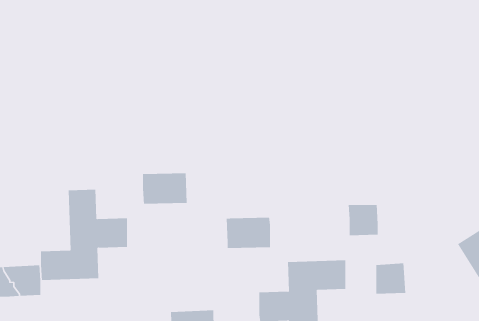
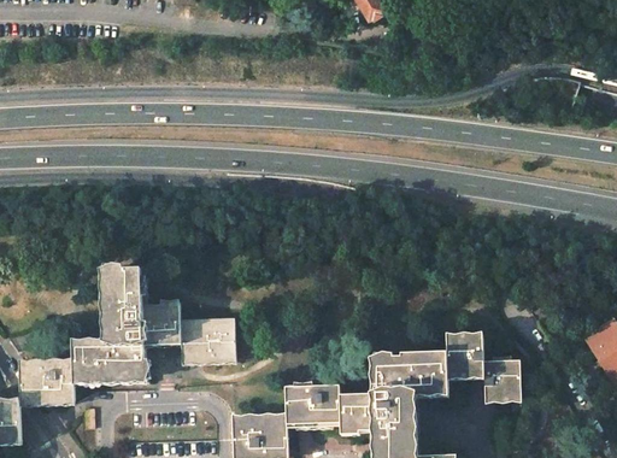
building: [142,173,188,204] -> [180,321,235,359]
building: [348,205,378,236] -> [446,337,483,376]
building: [226,217,271,249] -> [284,386,340,424]

